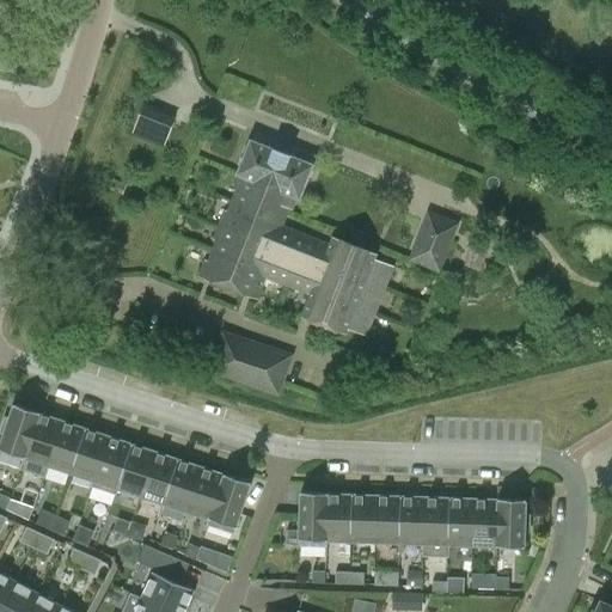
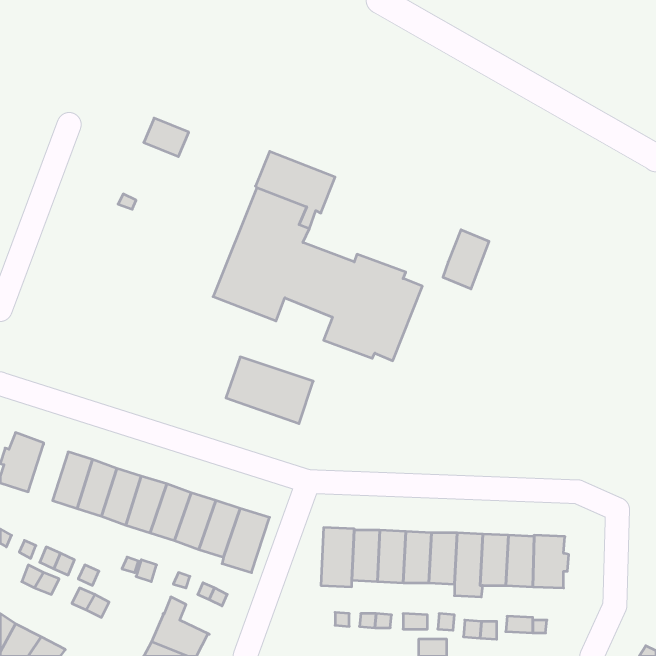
building: [23,414,63,477] -> none

